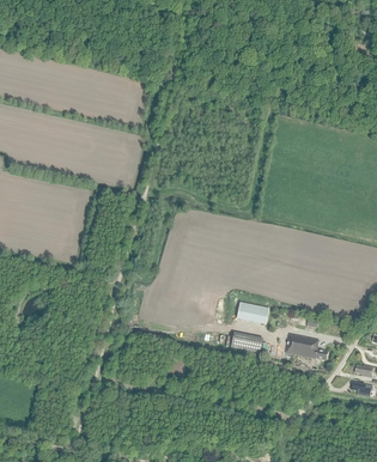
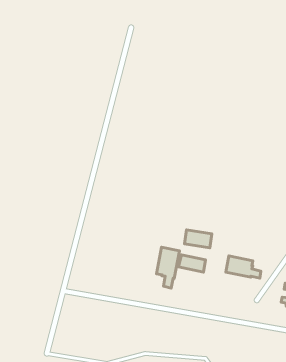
building: none -> [156,247,180,288]

